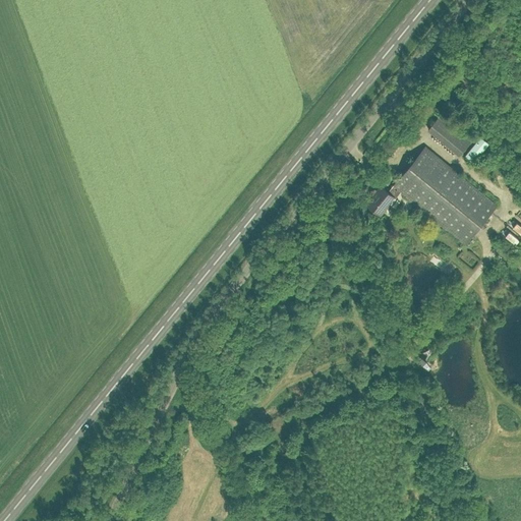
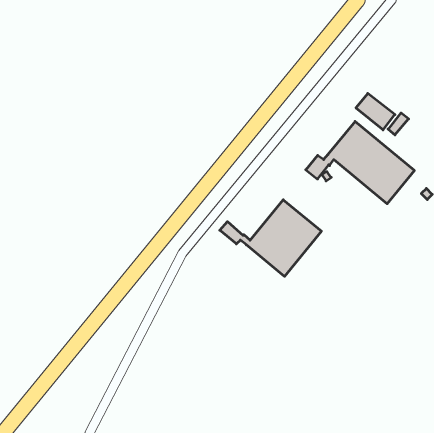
building: none -> [220,200,321,276]

